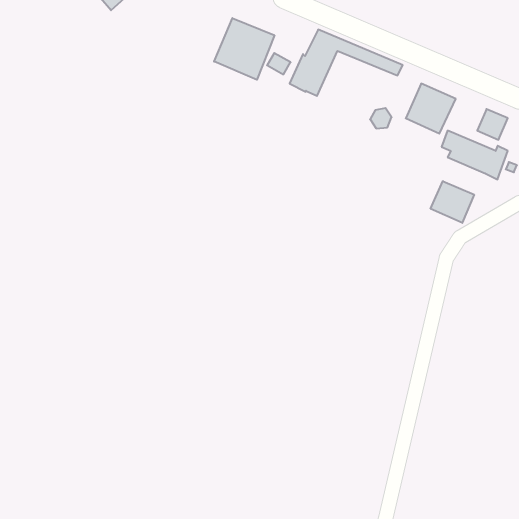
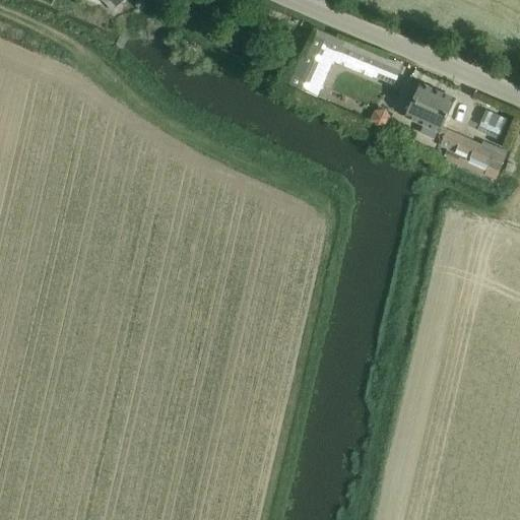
building: [214,18,274,80] -> none
building: [431,181,474,223] -> none

